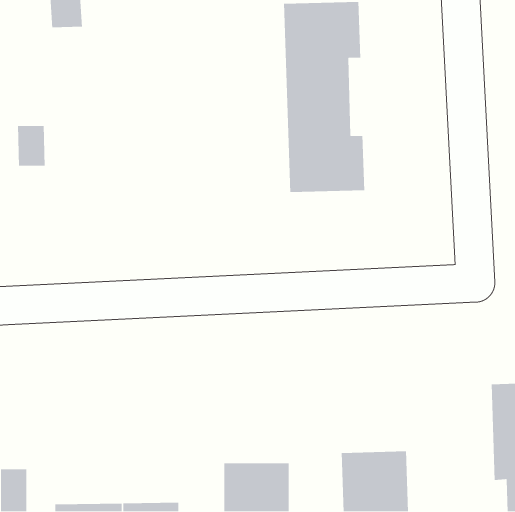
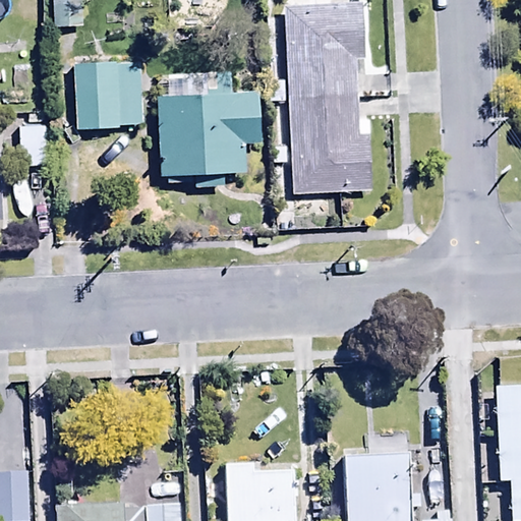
building: none -> [74,57,143,130]
building: none -> [156,70,263,186]

